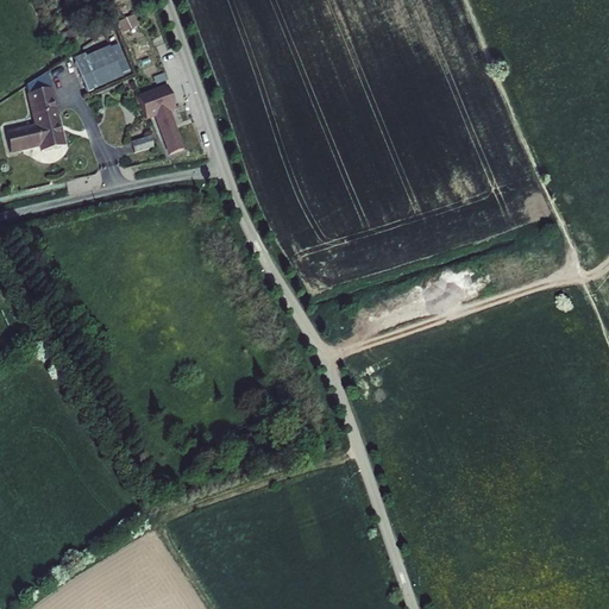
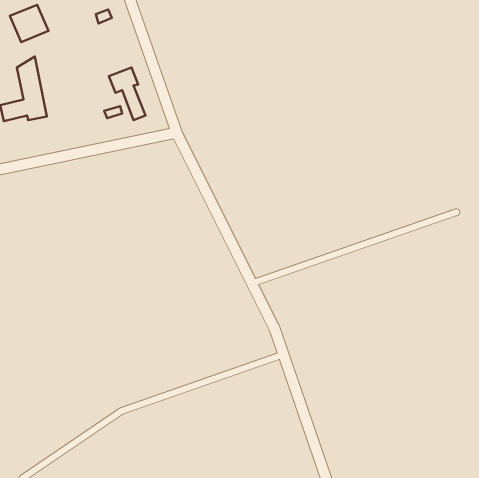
building: [75,43,124,90] -> [10,5,48,42]

